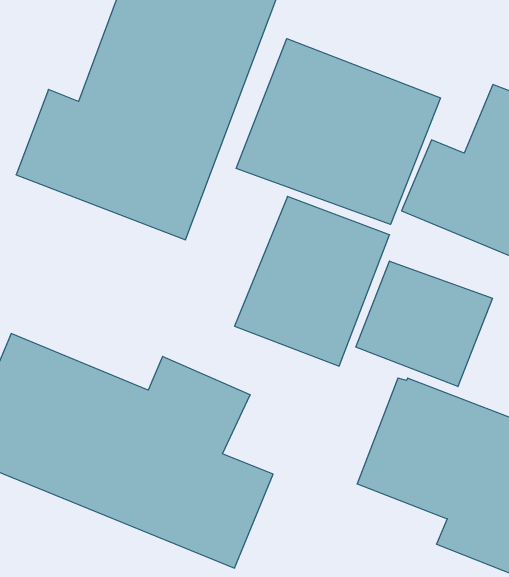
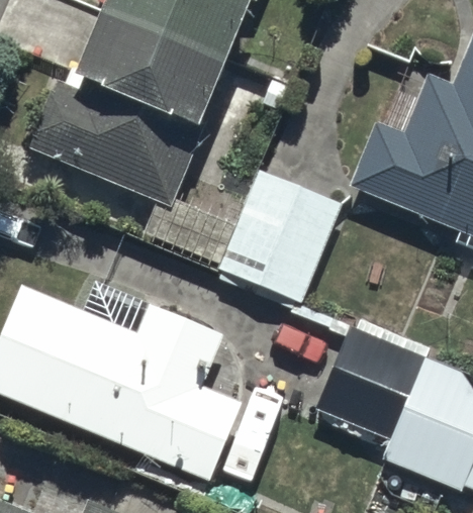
building: [236,39,440,224] -> none
building: [356,261,492,387] -> none

